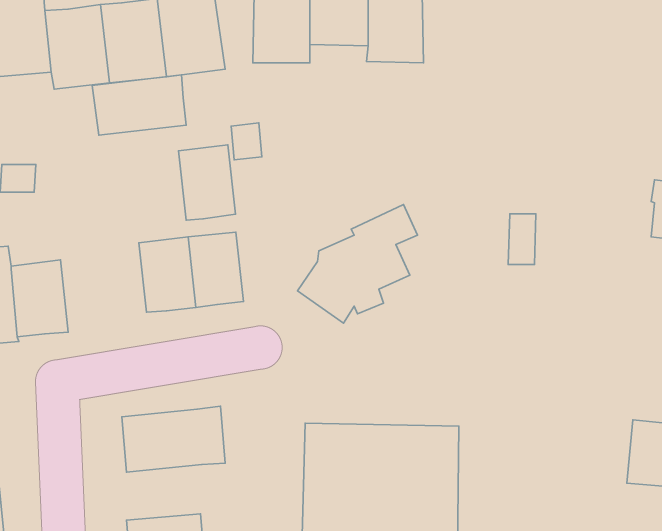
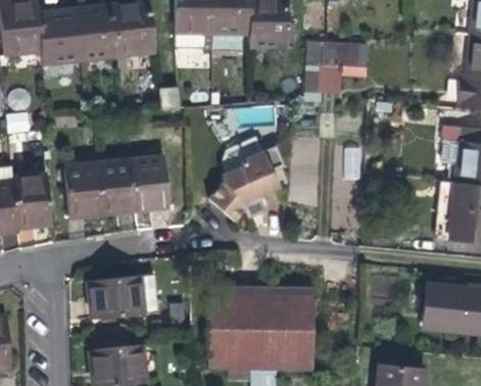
building: none -> [306,42,369,94]
building: [92,75,186,135] -> none
building: [179,145,236,220] -> [67,166,105,216]

